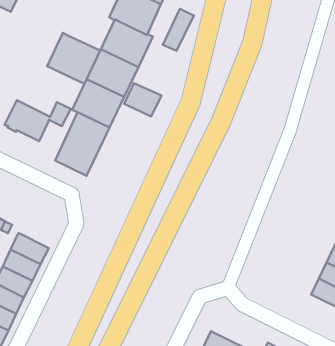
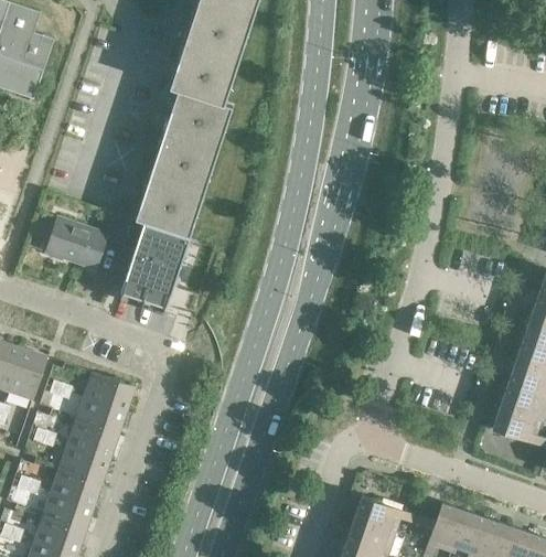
building: [163,9,194,51] -> none
building: [47,33,100,84] -> none
building: [124,83,162,117] -> none
building: none -> [83,372,135,411]

